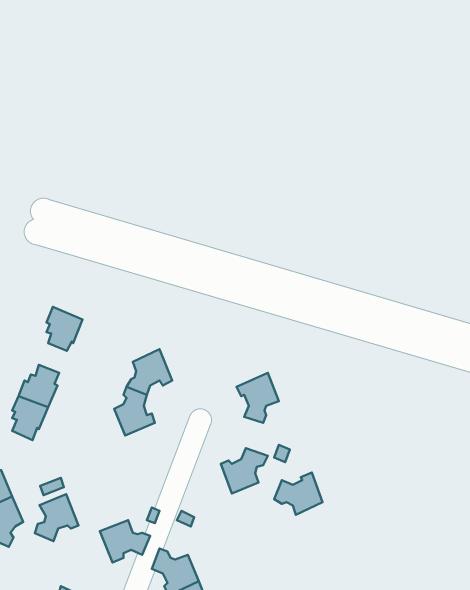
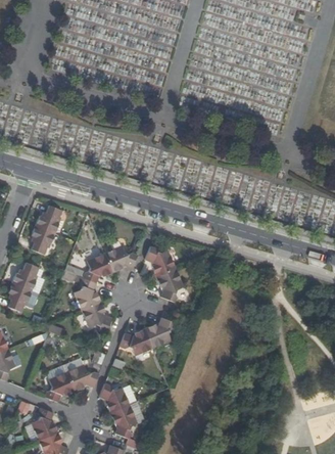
building: none -> [35,205,61,233]
building: none -> [104,245,137,273]
building: none -> [144,245,175,277]
building: none -> [82,301,112,330]
building: [274,472,323,515] -> [119,327,151,355]
building: [35,494,79,541] -> [45,371,74,402]

